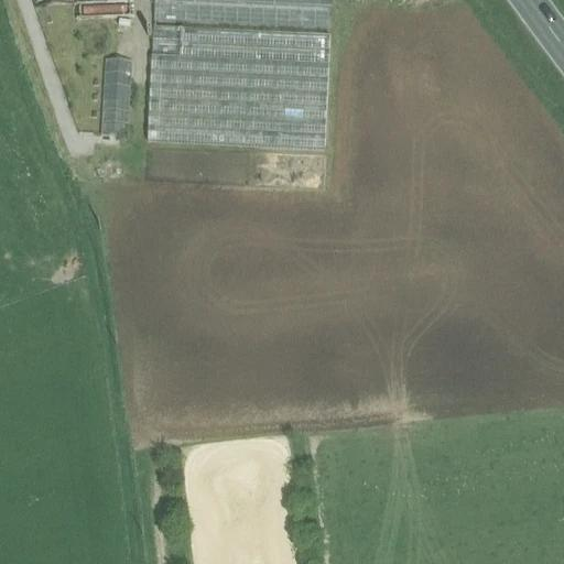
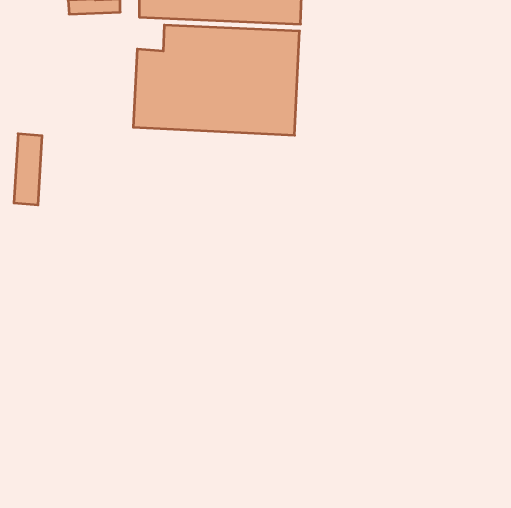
building: [151,23,181,56] -> none
building: [100,56,131,134] -> [14,134,42,205]

